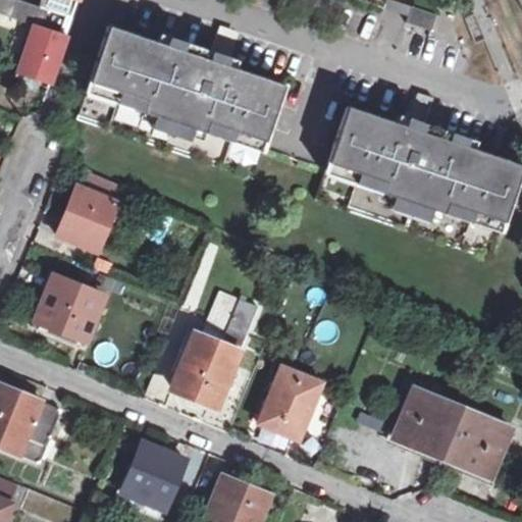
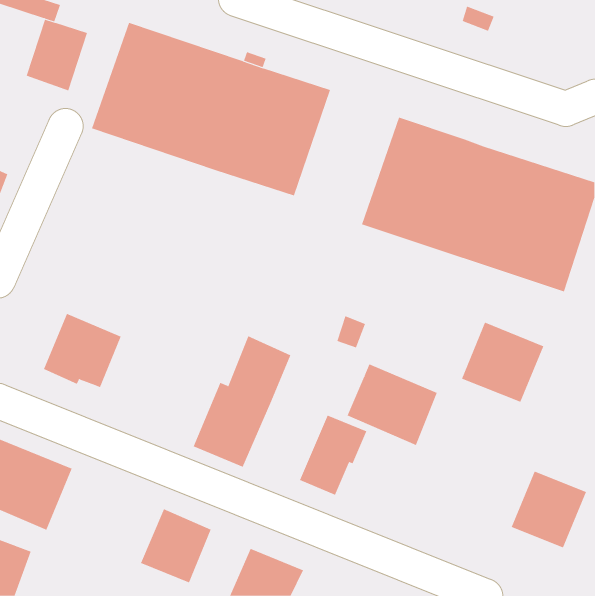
building: [57,184,118,248] -> none
building: none -> [347,363,437,446]
building: [394,389,466,460] -> [461,322,544,402]

